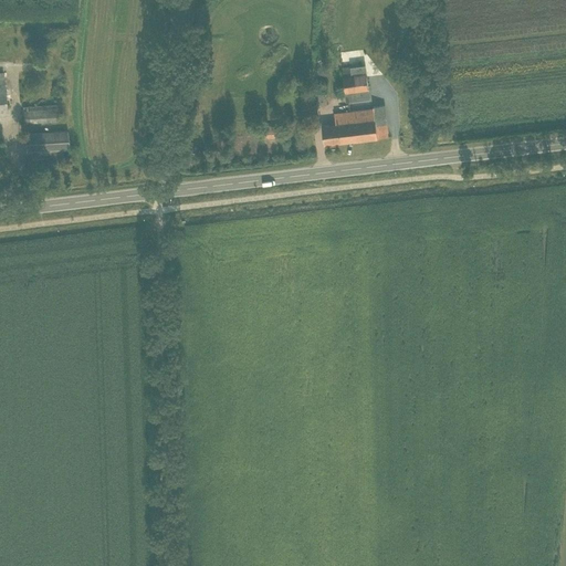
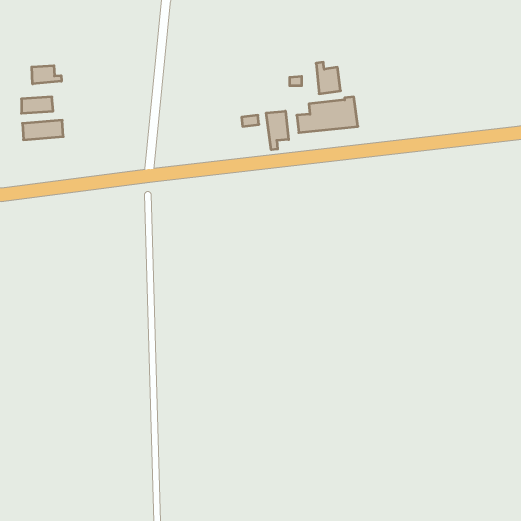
building: none -> [32,66,61,84]
building: none -> [266,111,289,150]

